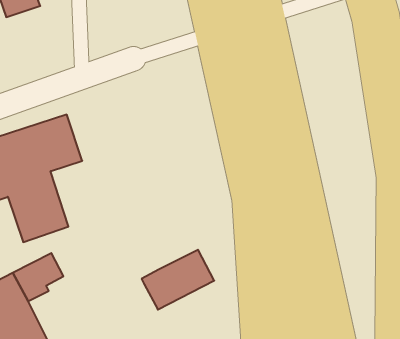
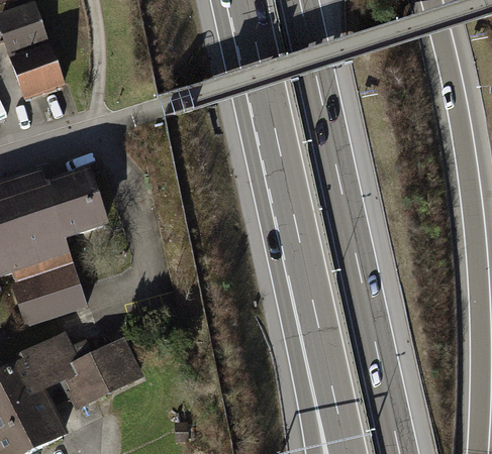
building: none -> [11,49,64,98]
building: [142,250,214,310] -> [57,338,142,409]

